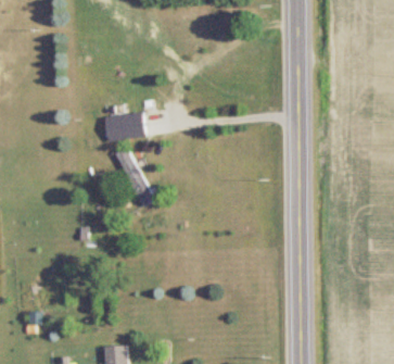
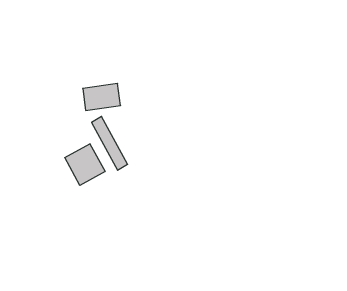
building: none -> [65,144,105,185]

